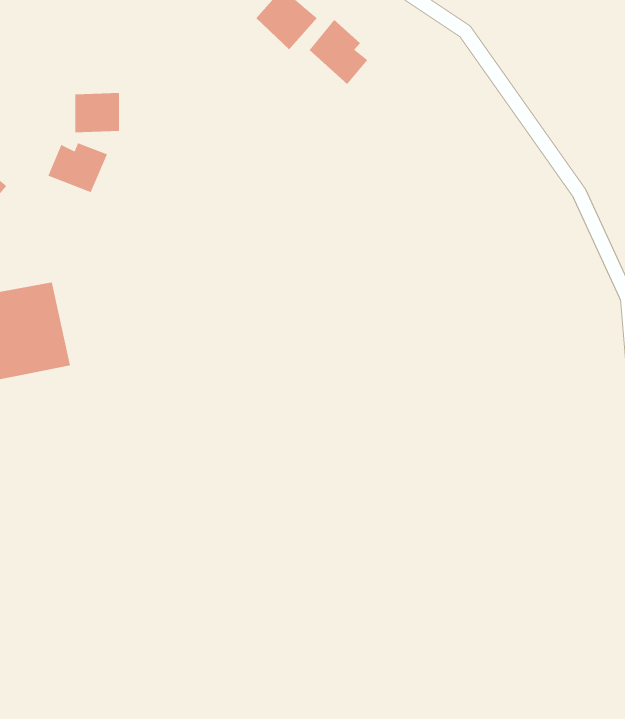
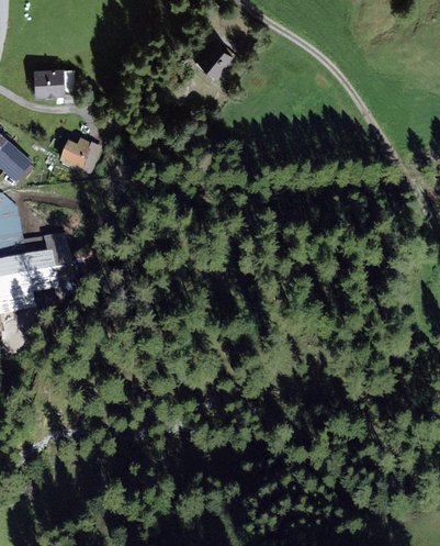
building: [309,19,368,85] -> none
building: [74,93,120,133] -> [36,67,66,93]

